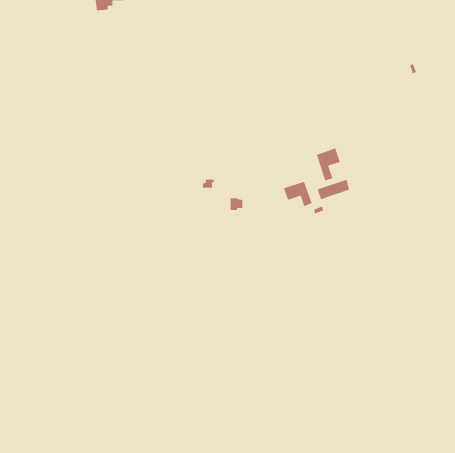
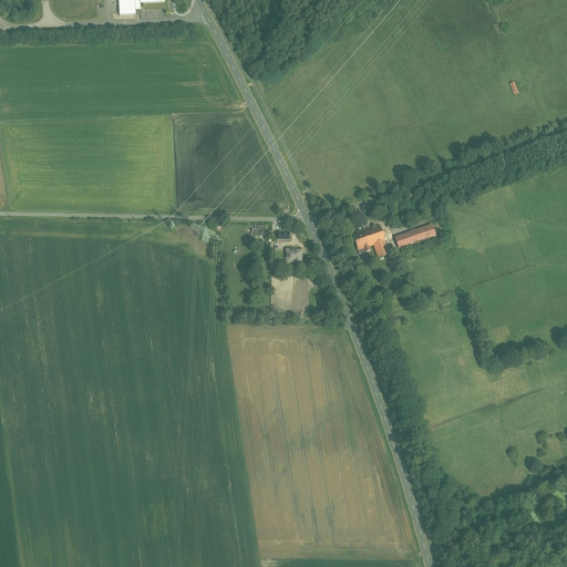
building: [316,148,340,181] -> none

